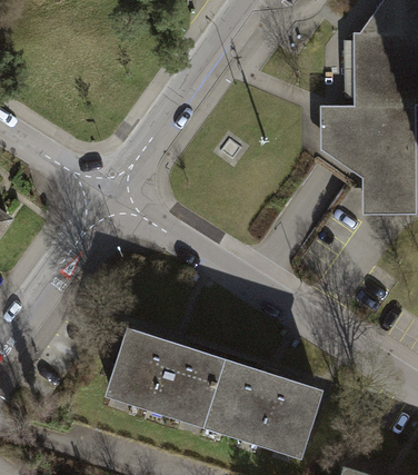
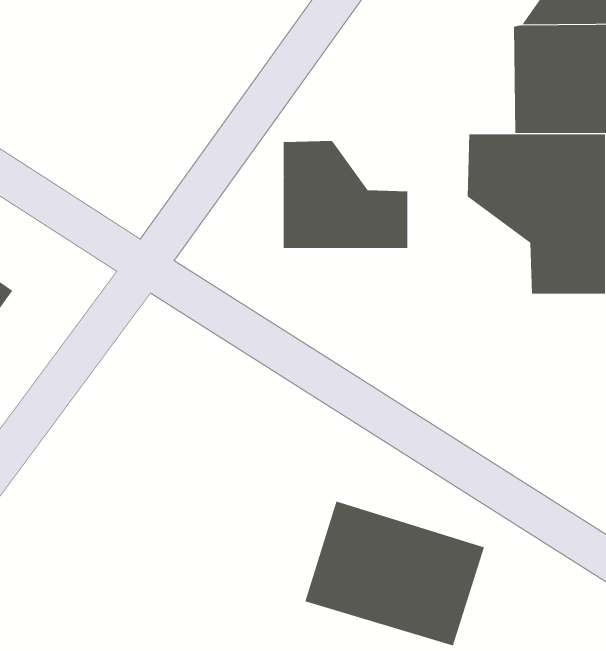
building: none -> [283,140,408,249]
building: [118,330,233,427] -> none

